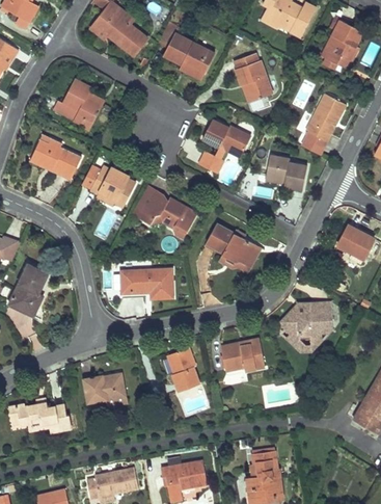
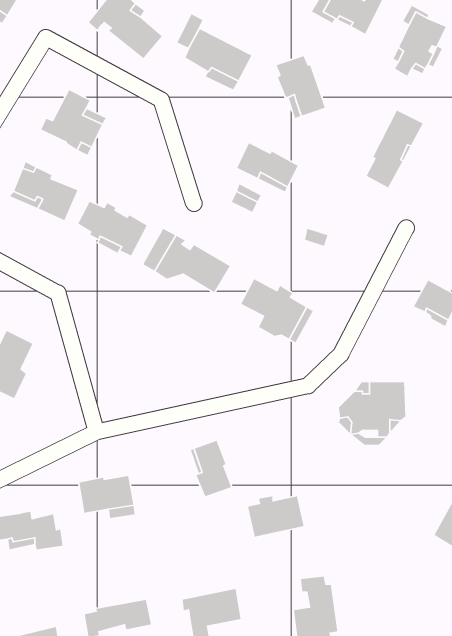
building: [265,156,307,190] -> none
building: [119,269,172,300] -> none
building: [221,342,265,374] -> [247,495,304,538]

